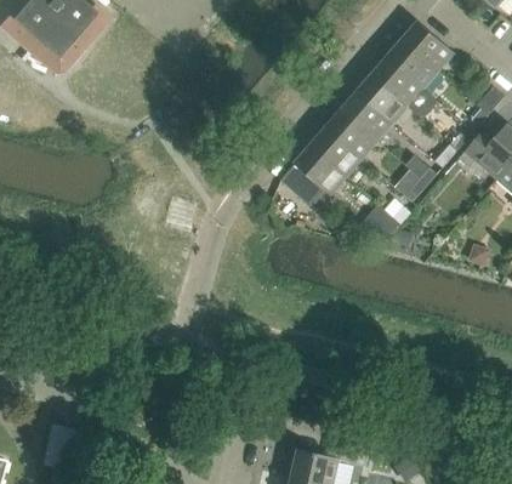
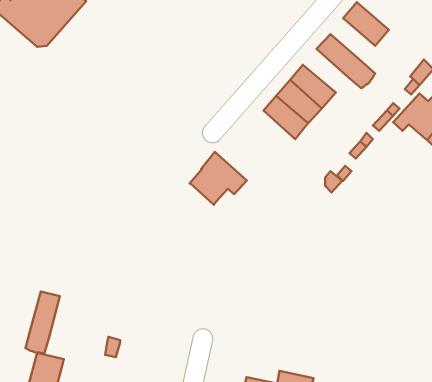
building: [388,38,439,87] -> none
building: [357,73,409,123] -> none
building: [283,143,348,204] -> [189,152,247,205]
building: none -> [26,292,60,353]

